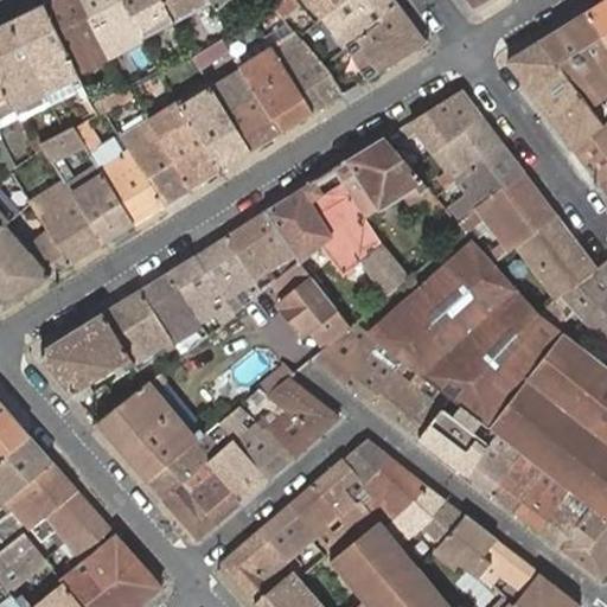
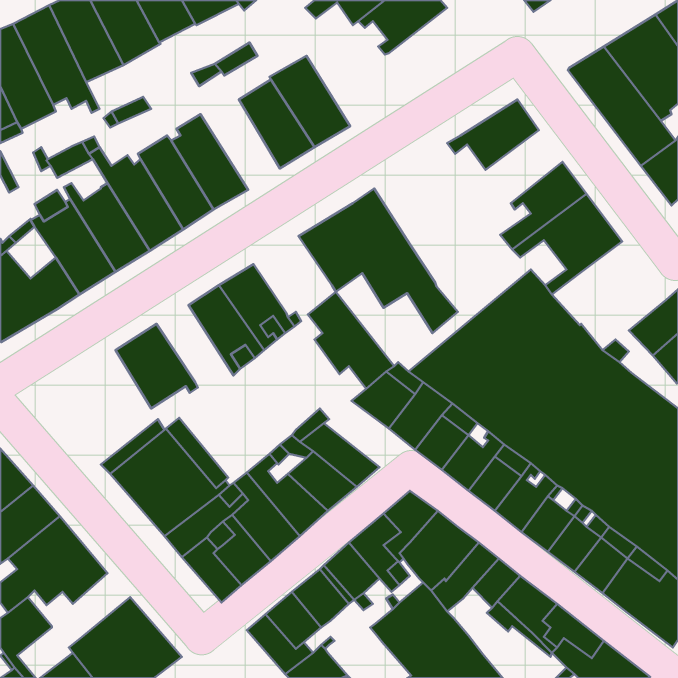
building: [347,7,426,79] -> none
building: [271,32,344,113] -> none
building: [179,88,250,170] -> none
building: [434,116,503,187] -> none
building: [334,138,428,218] -> none
building: [226,211,296,280] -> none
building: [518,216,595,298] -> none
building: [140,273,209,343] -> none
building: [41,313,135,401] -> none
building: [65,512,116,569] -> none

